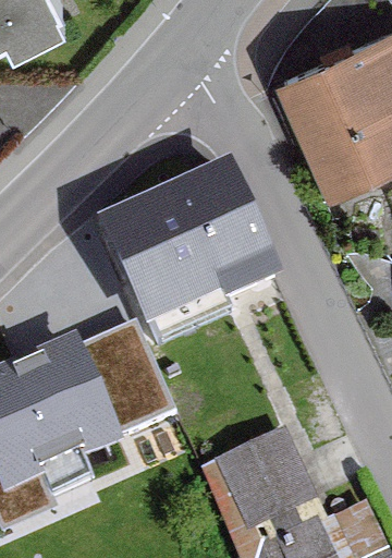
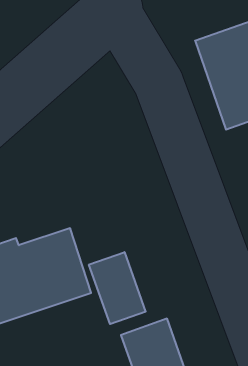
building: [111,184,268,316] -> none
building: none -> [89,252,146,324]

